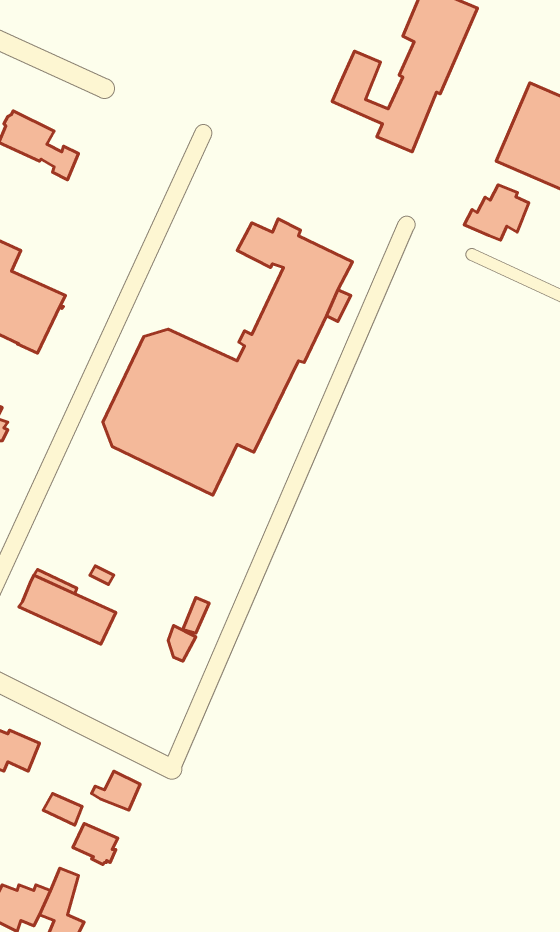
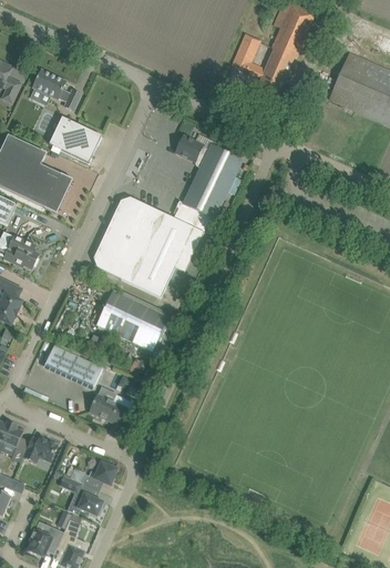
building: [464,185,529,240] -> none
building: none -> [49,116,101,162]
building: none -> [96,291,177,355]
building: none -> [89,386,134,425]

